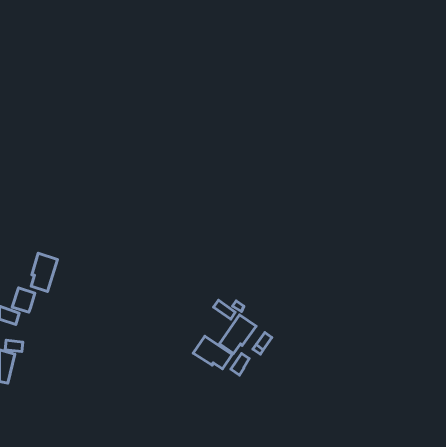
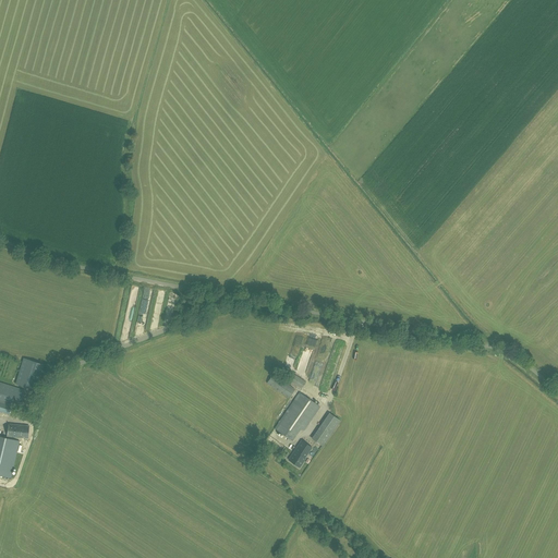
building: [31,253,58,291] -> none
building: [193,336,232,369] -> none

